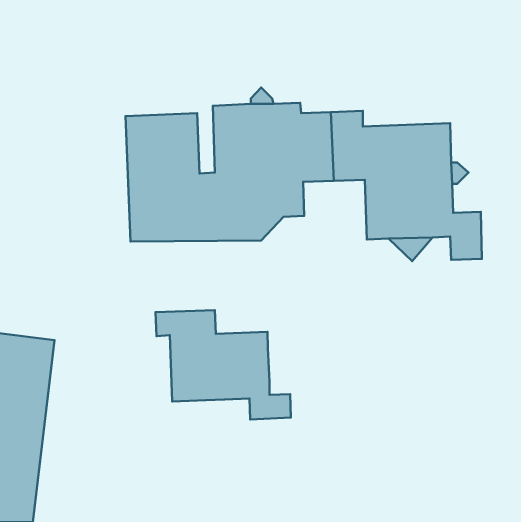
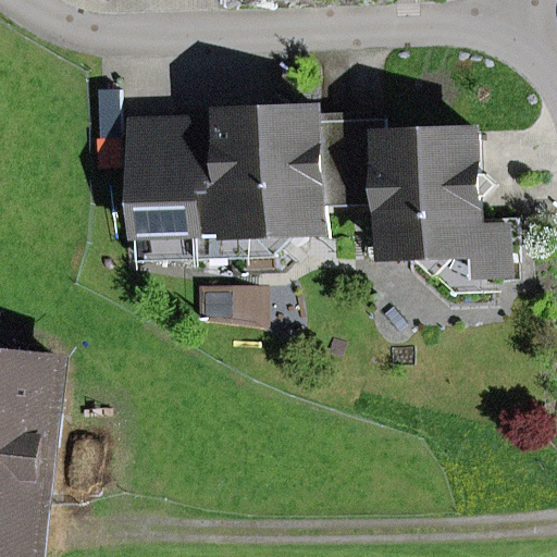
building: [156,310,291,420] -> none

